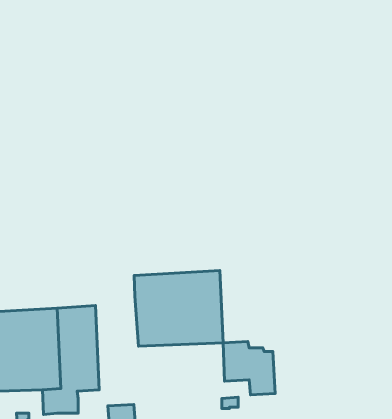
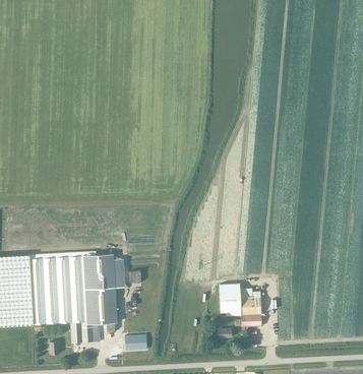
building: [134,271,223,346] -> none

